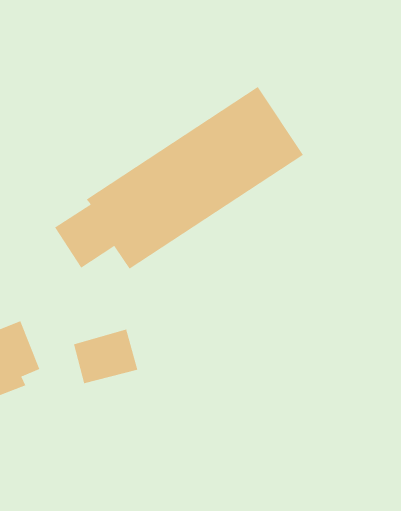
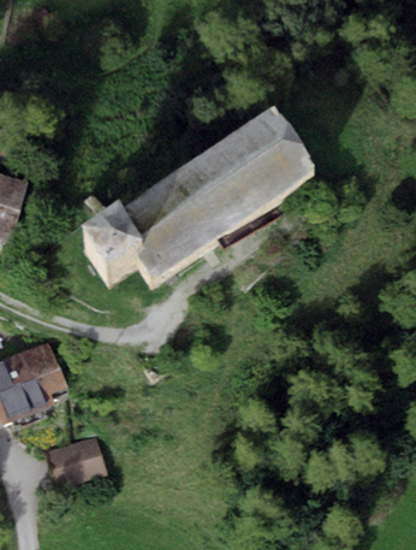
building: [73,329,138,384] -> [46,434,107,486]

